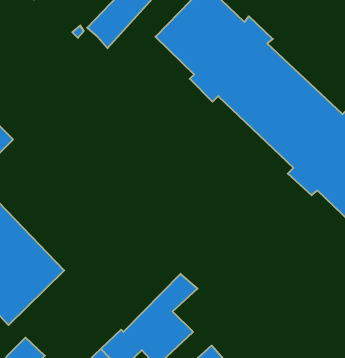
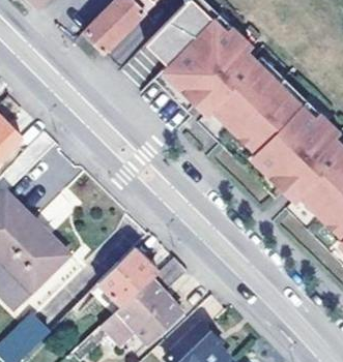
building: none -> [98,249,156,306]

